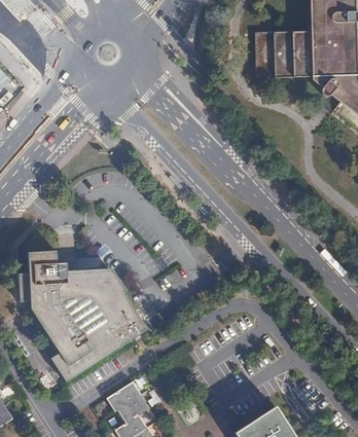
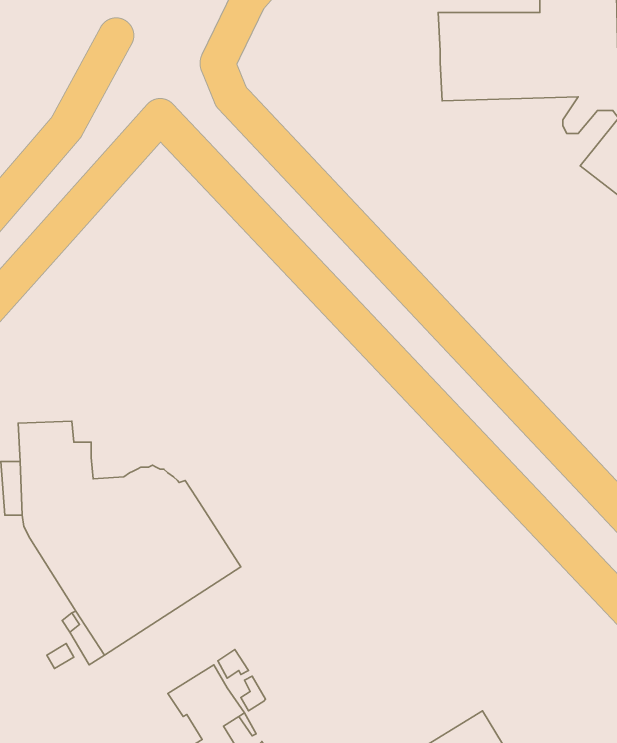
building: [66,268,124,292] -> none

